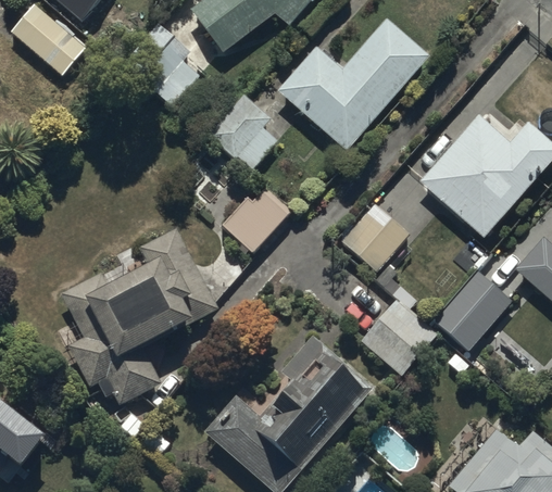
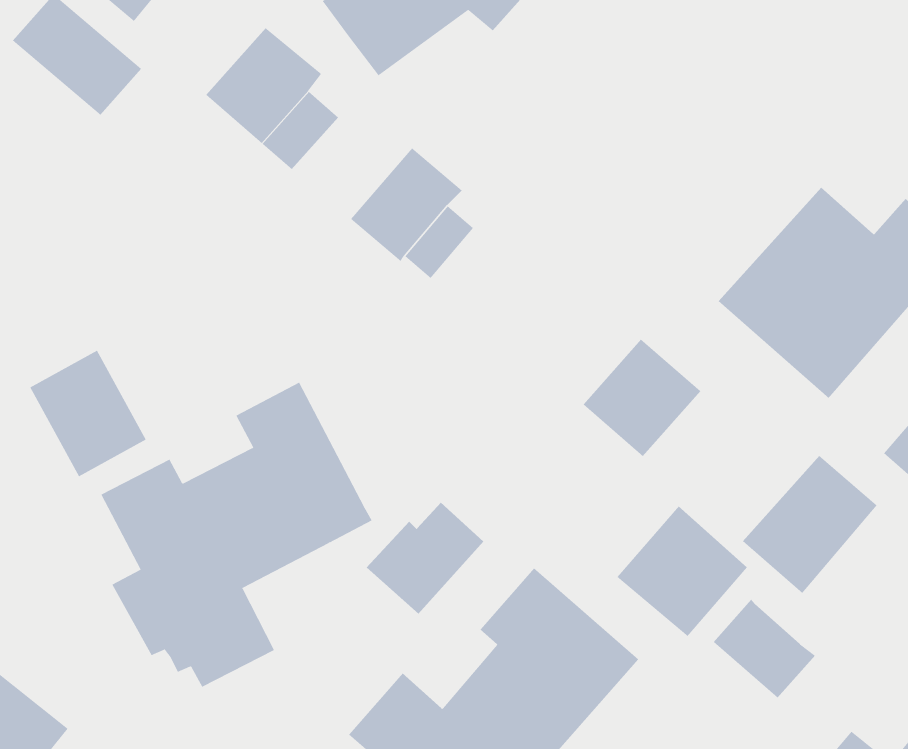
building: [278,17,430,150] -> none
building: [223,187,291,252] -> [366,502,484,615]
building: none -> [30,350,147,477]
building: none -> [713,599,816,699]

